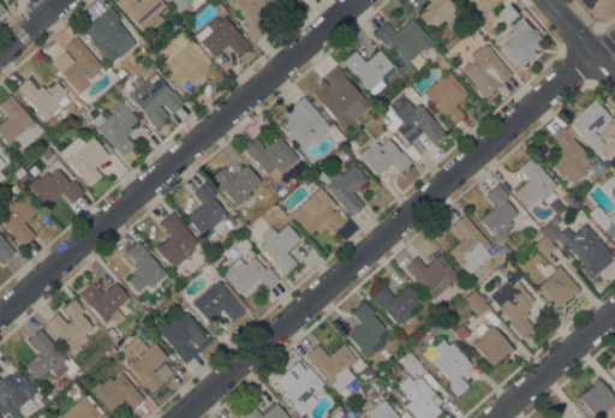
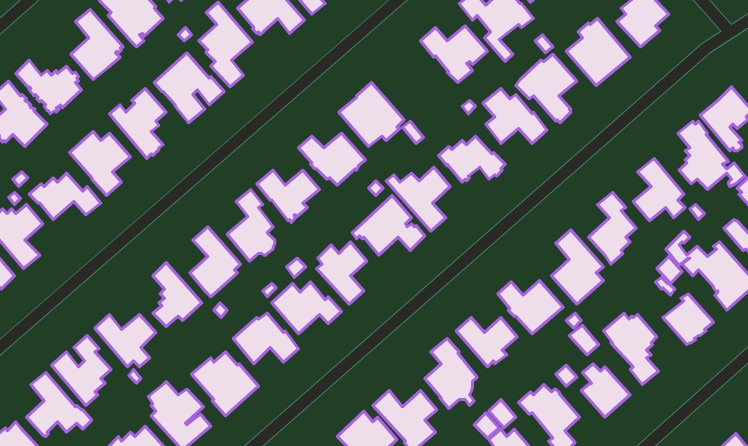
building: [314,65,370,127] -> none

